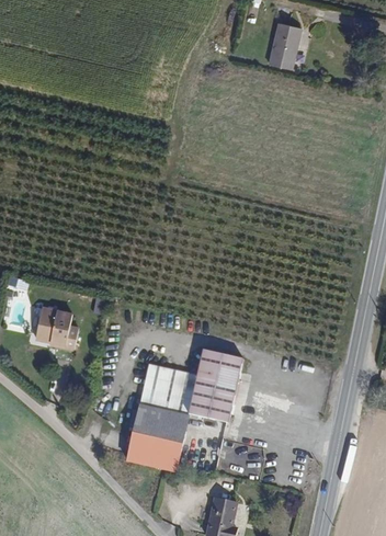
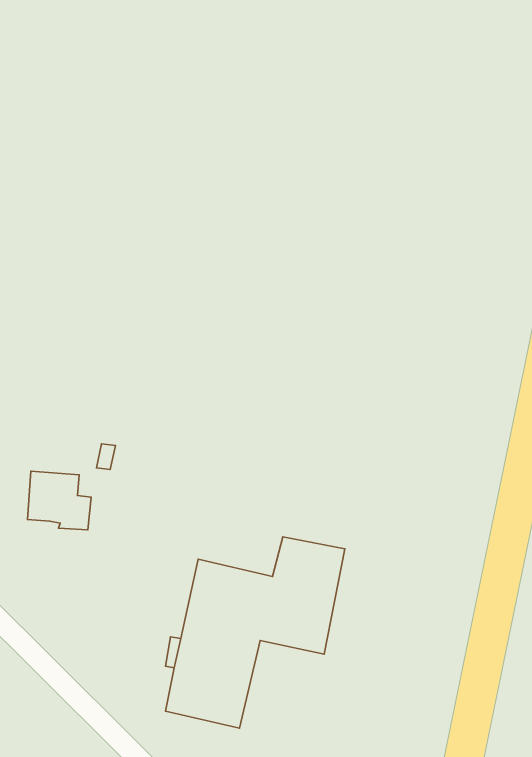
building: [262,19,293,65] -> none

